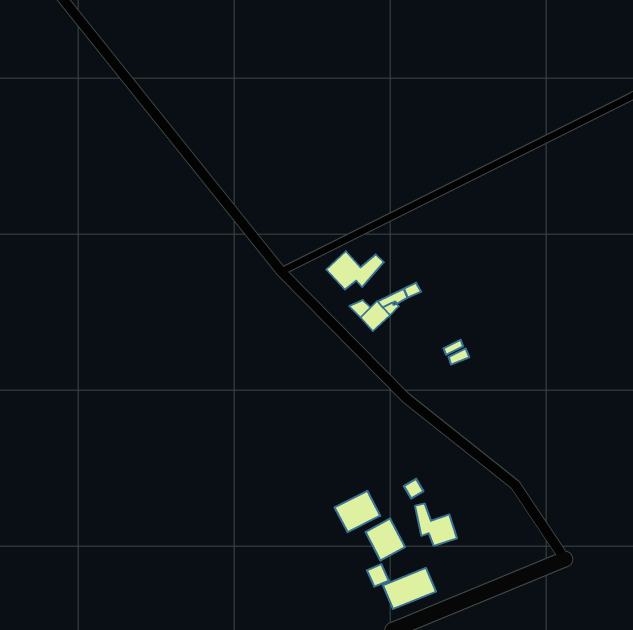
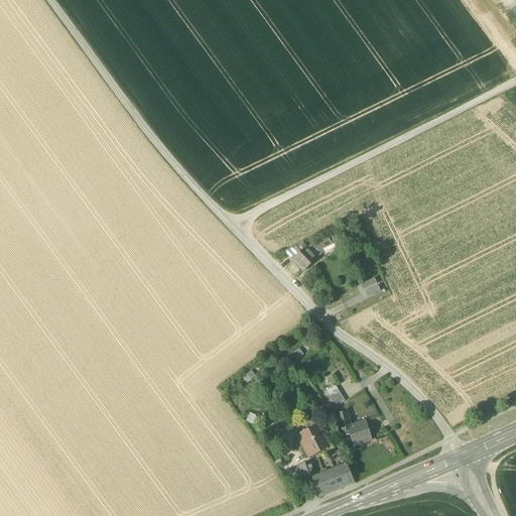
building: [326,251,384,290] -> none
building: [335,491,380,532] -> none

